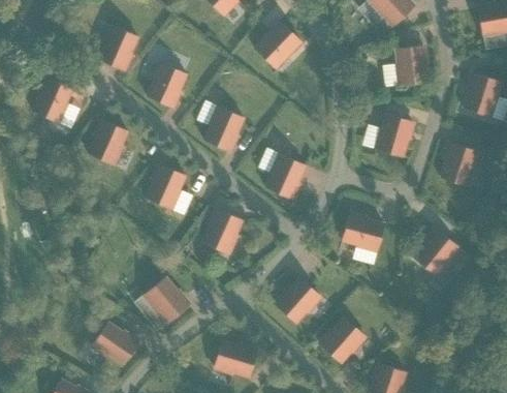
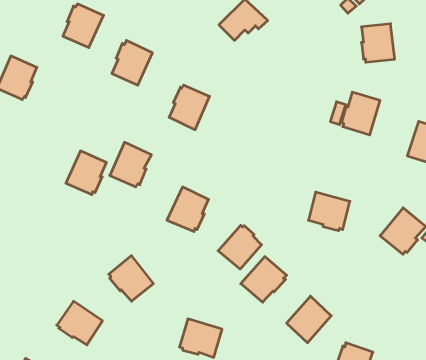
building: [89,121,129,164] -> [66,151,106,195]
building: [265,155,307,199] -> none
building: none -> [218,225,262,269]

